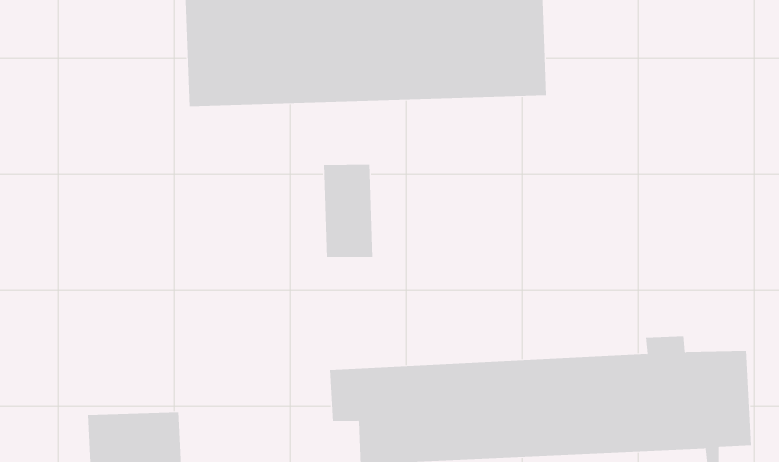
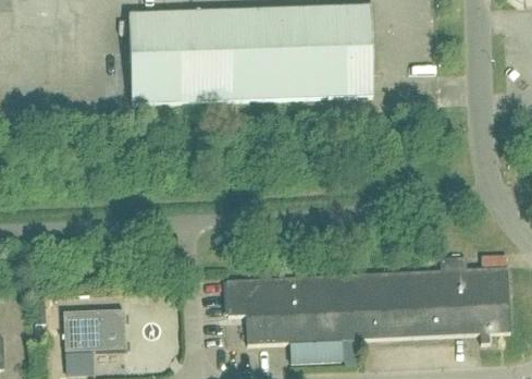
building: [323,164,373,258] -> none

